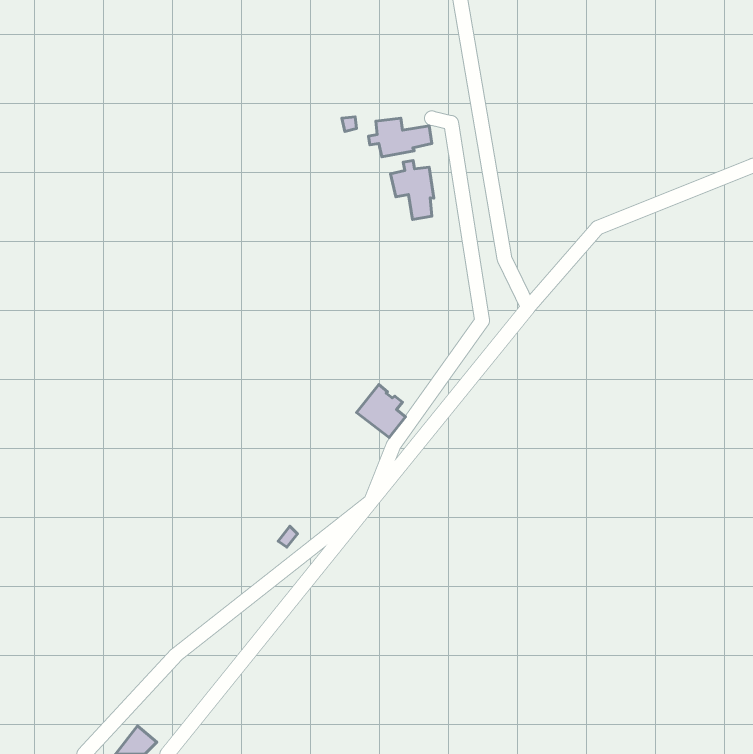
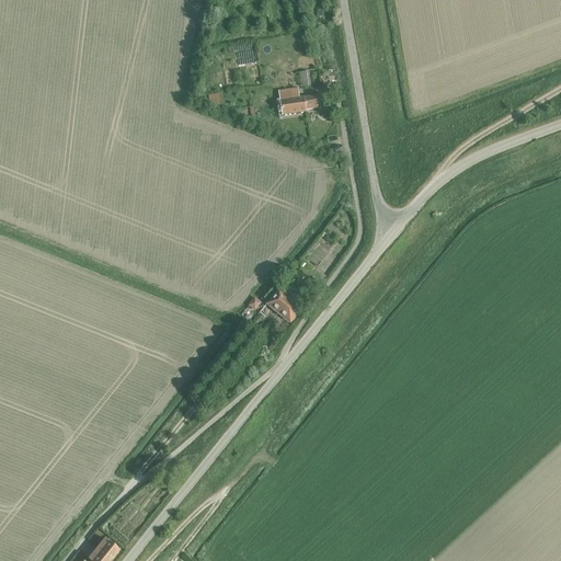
building: [390,161,434,220] -> none

